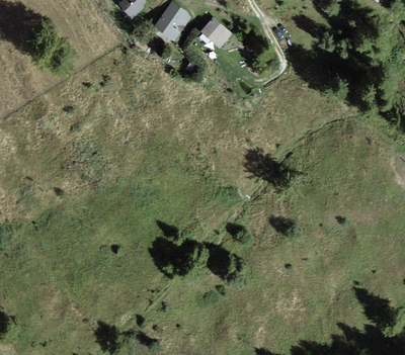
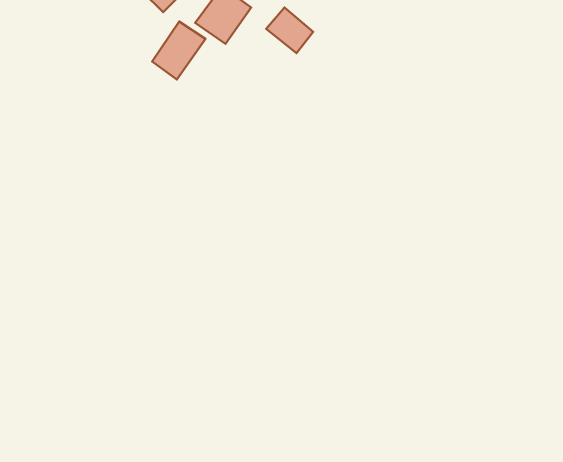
building: none -> [152,22,206,79]

